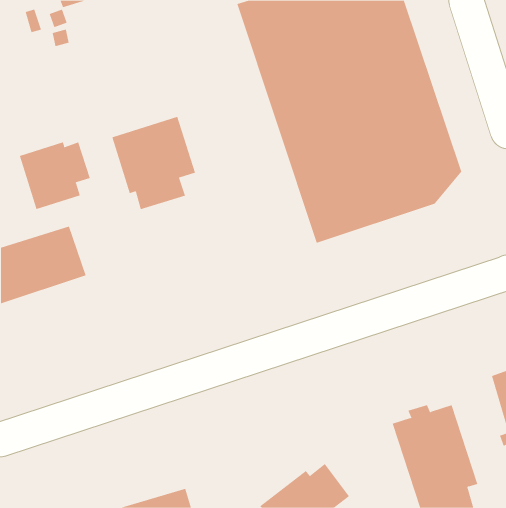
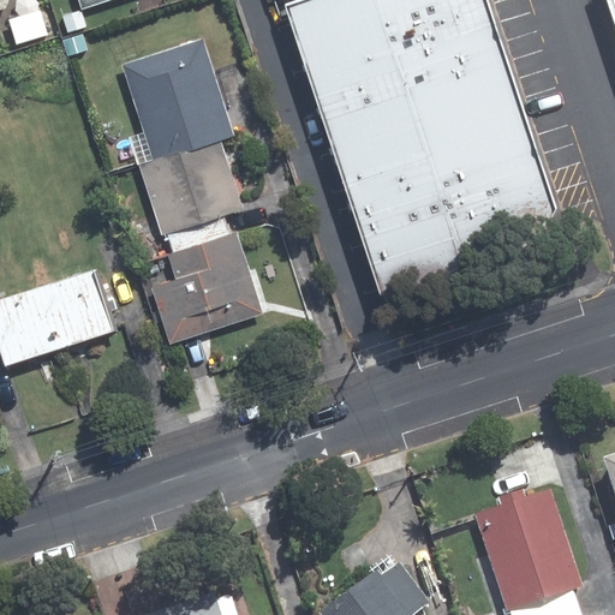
building: none -> [119,41,231,166]
building: [19,142,90,210] -> none
building: none -> [150,234,258,345]

